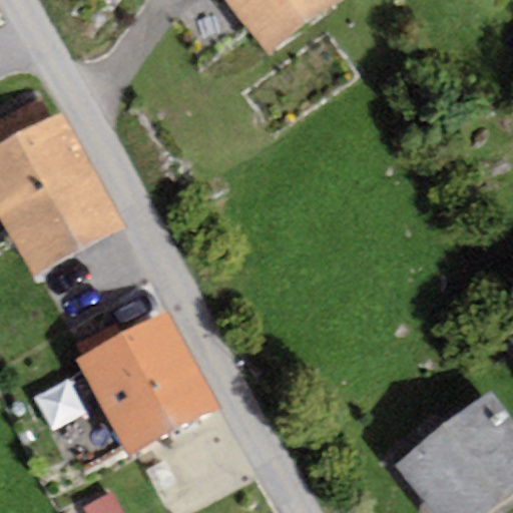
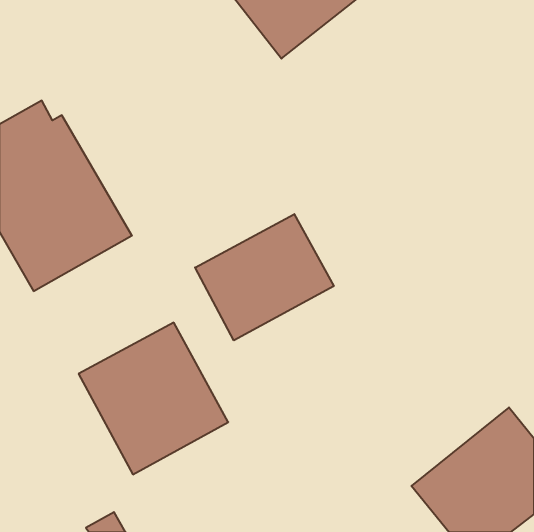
building: none -> [195,214,334,340]

